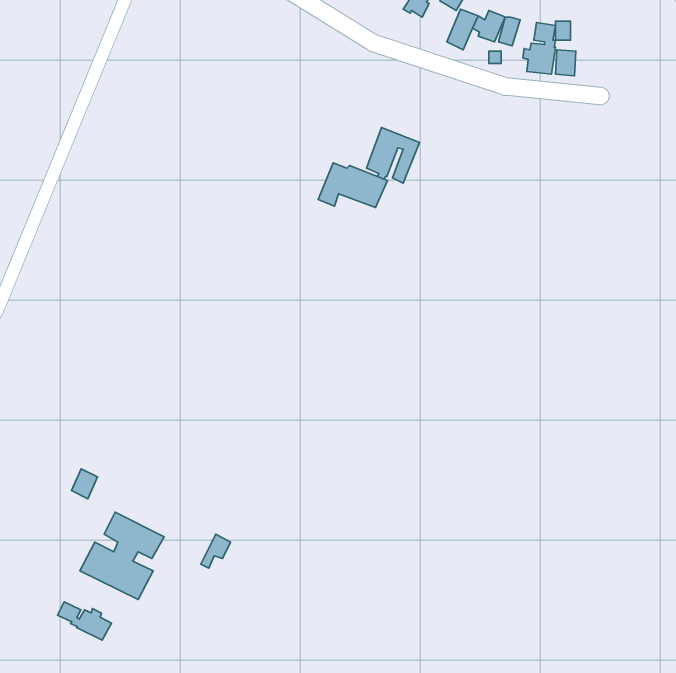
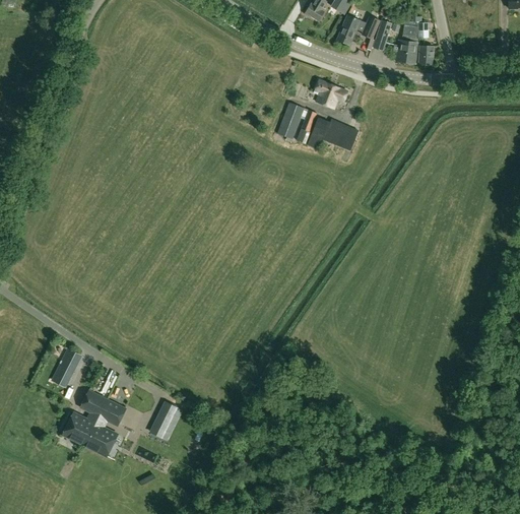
building: none -> [313,79,347,109]
building: [318,163,388,208] -> [308,117,360,150]
building: [57,602,111,640] -> none

